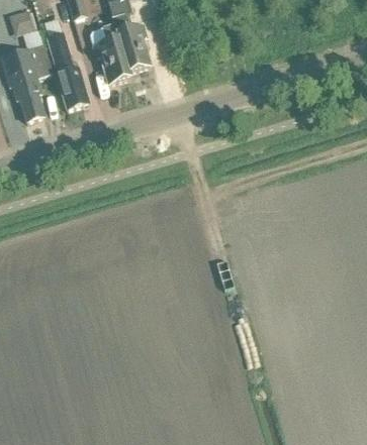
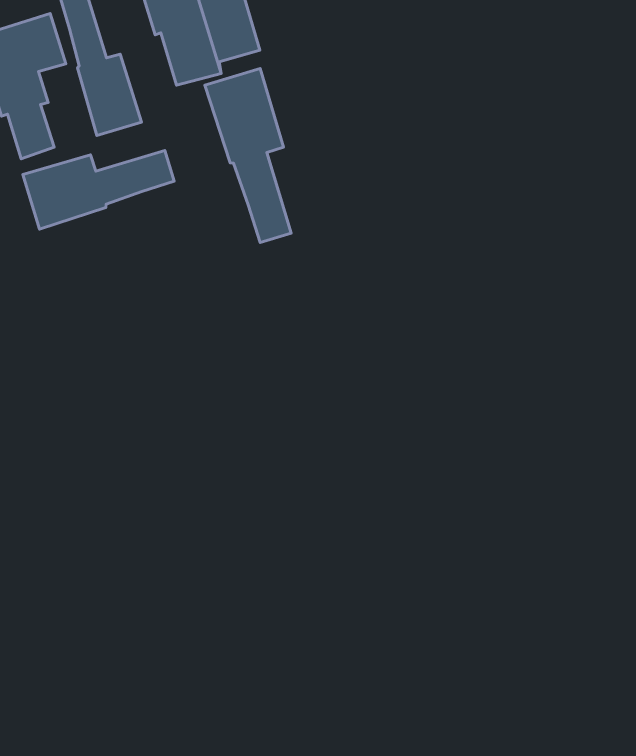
building: none -> [205,68,291,243]
building: none -> [23,150,174,229]

